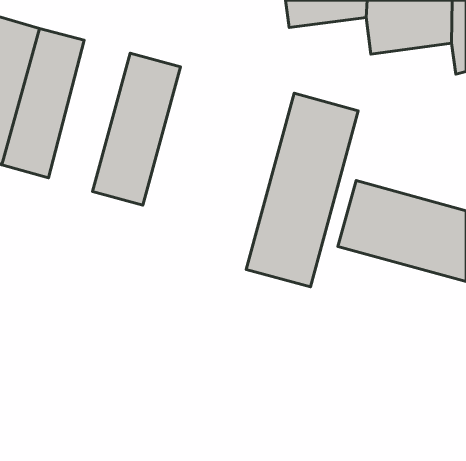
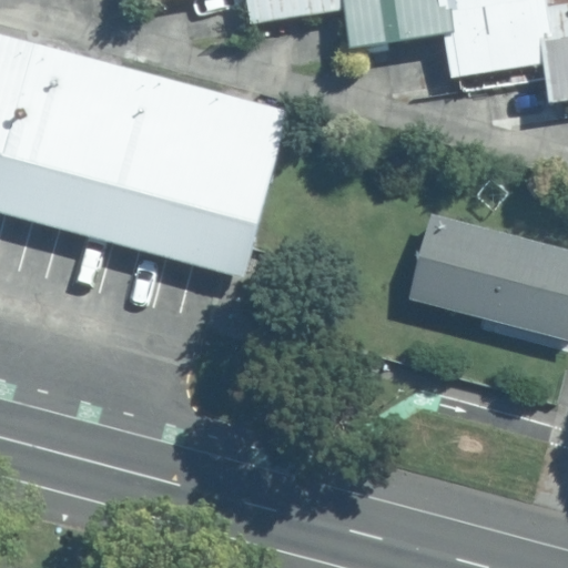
building: none -> [59,58,158,241]
building: none -> [173,90,291,275]
building: [246,93,358,287] -> none

